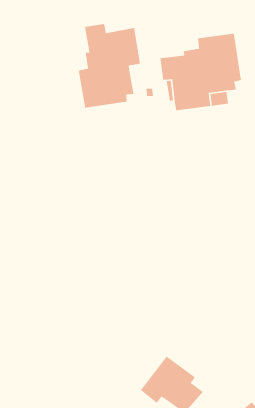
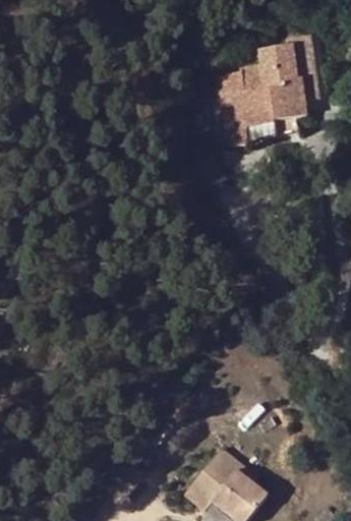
building: [78,23,141,109] -> none

